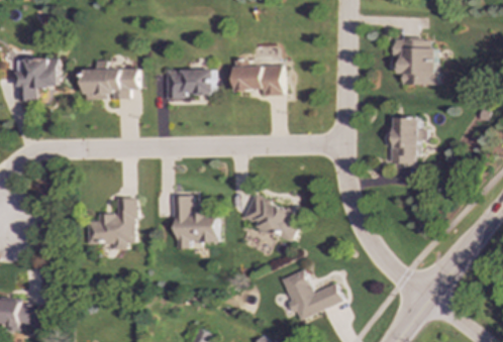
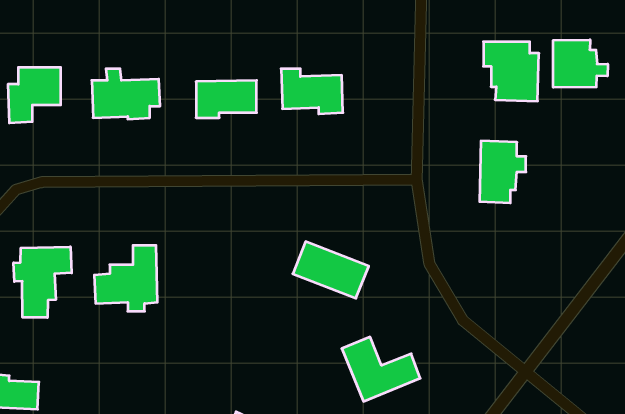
building: none -> [553,40,608,87]
building: [173,194,216,248] -> none
building: none -> [14,247,72,318]

